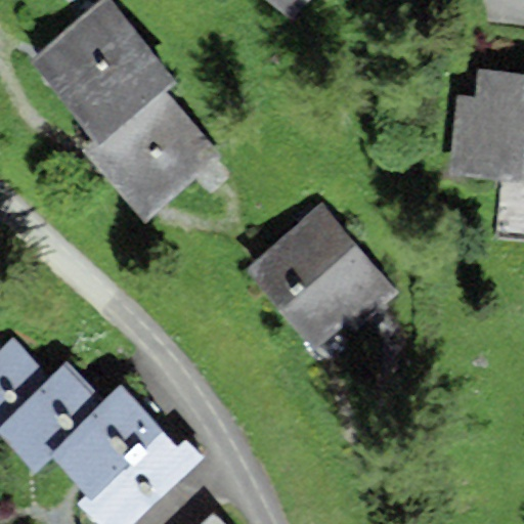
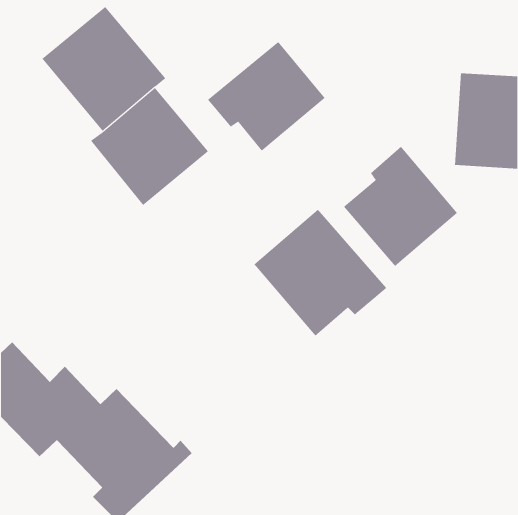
building: none -> [207,41,326,151]
building: none -> [343,146,458,267]

